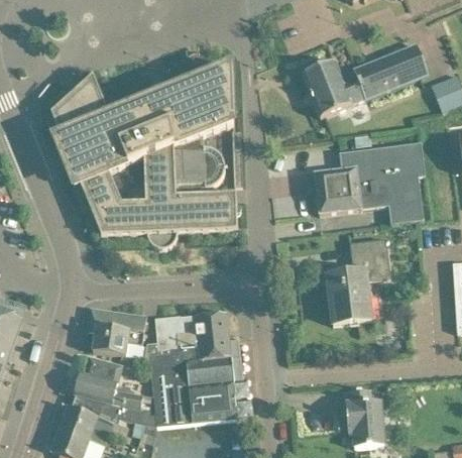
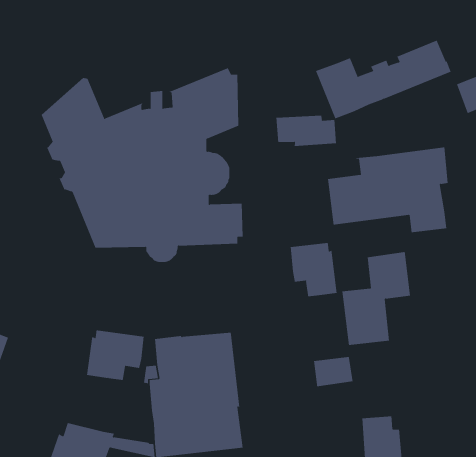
building: none -> [276,115,337,147]
building: none -> [290,242,337,297]
building: none -> [314,356,353,387]
building: [75,355,154,412] -> none

